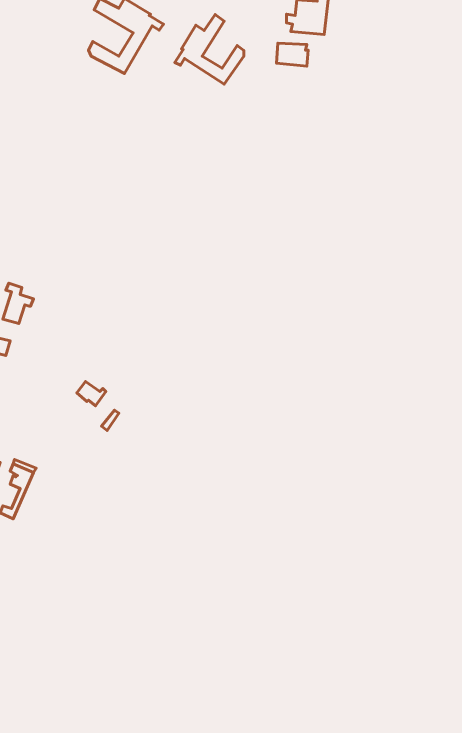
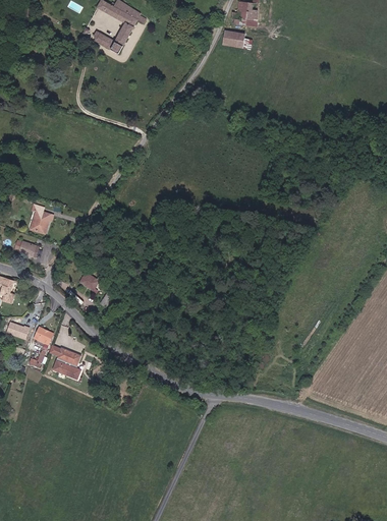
building: [175,14,244,84] -> none
building: none -> [52,347,82,381]

